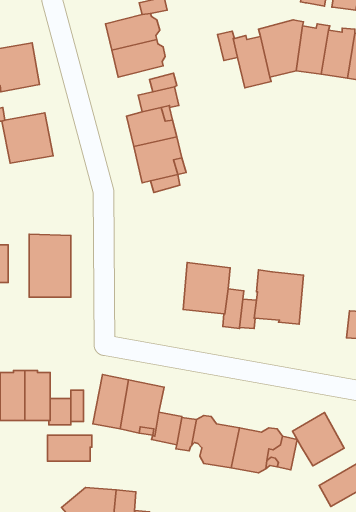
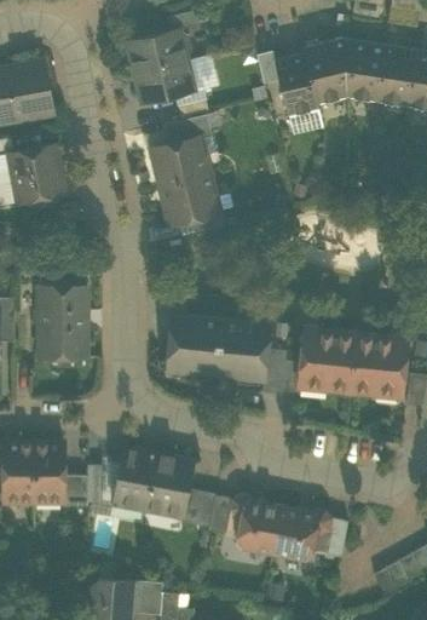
building: none -> [167,314,221,373]
building: none -> [351,333,409,394]
building: [293,413,344,466] -> none
building: [47,435,92,461] -> none

